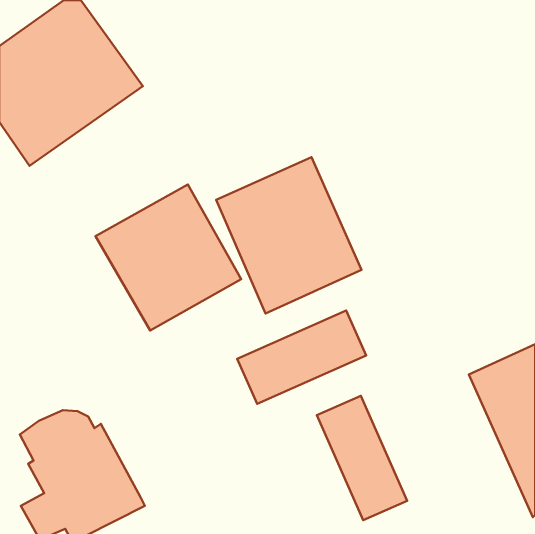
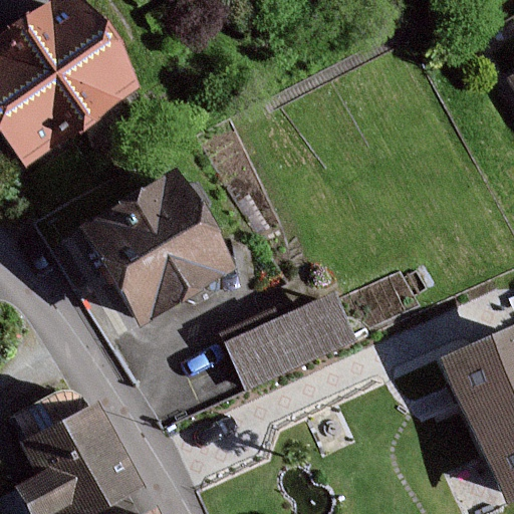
building: [216,157,361,313] -> none
building: [317,396,407,520] -> none

